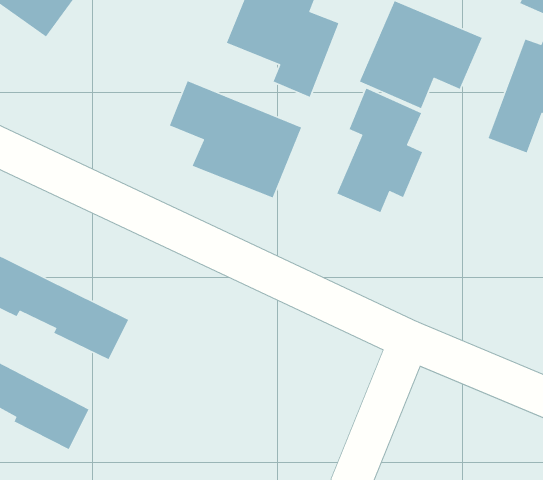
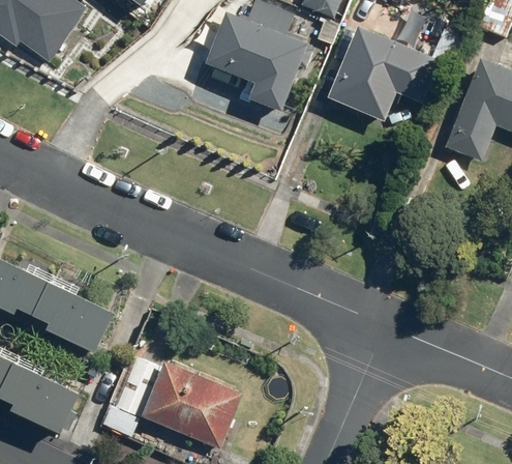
building: [169,80,302,199] -> none
building: [336,88,423,213] -> none
building: none -> [97,359,242,450]

